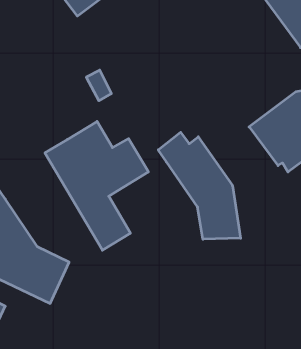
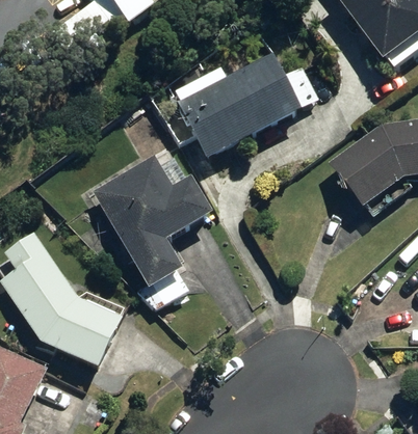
building: none -> [176,54,317,156]
building: [158,132,241,239] -> none

